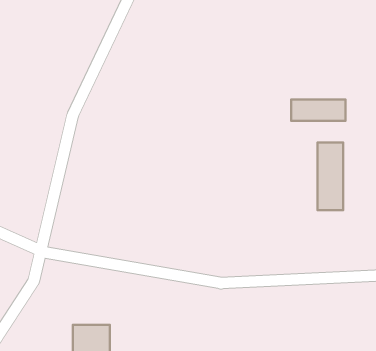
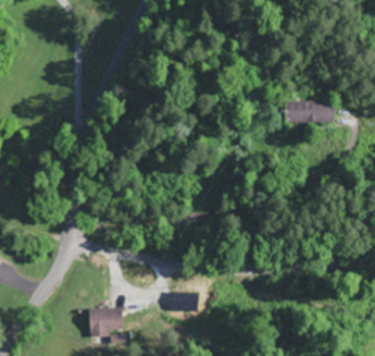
building: [317,142,343,210] -> none

